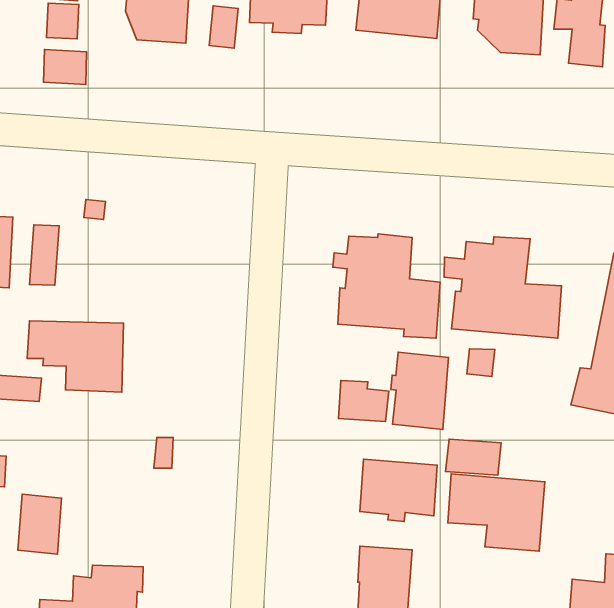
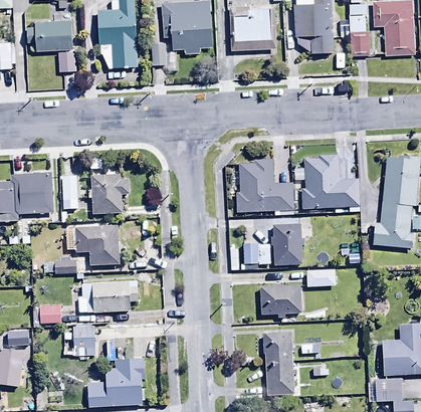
building: [44,50,87,84] -> none
building: none -> [88,166,130,214]
building: none -> [79,281,139,313]
building: [448,474,545,551] -> none

